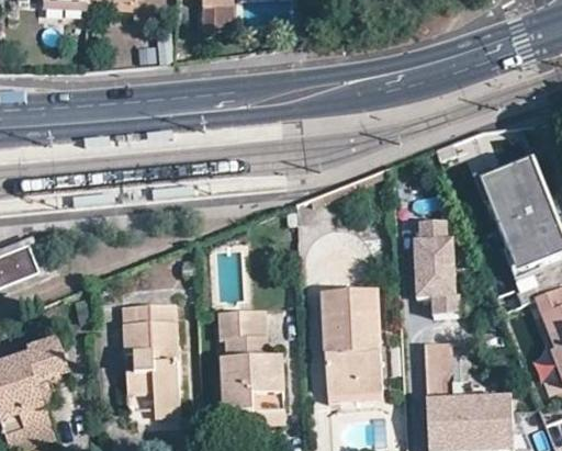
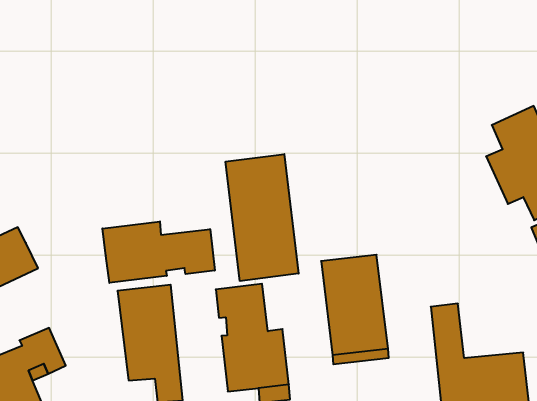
building: none -> [226,154,299,281]
building: [413,195,460,316] -> none
building: none -> [102,221,215,283]

